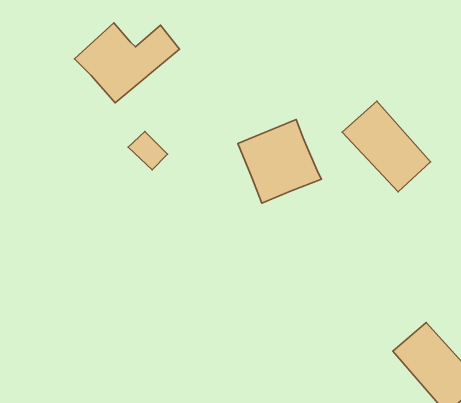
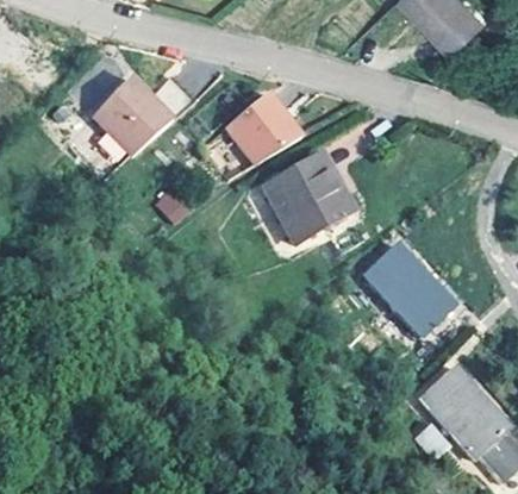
building: none -> [230,90,302,168]
building: [342,101,430,192] -> [361,244,449,334]

